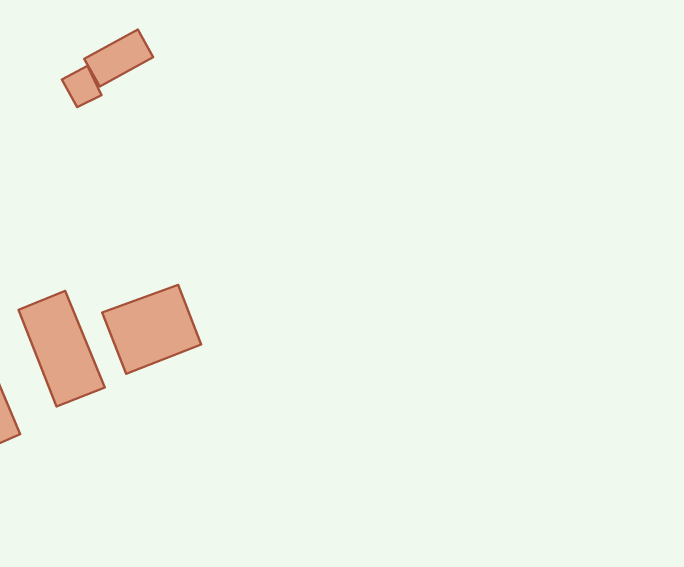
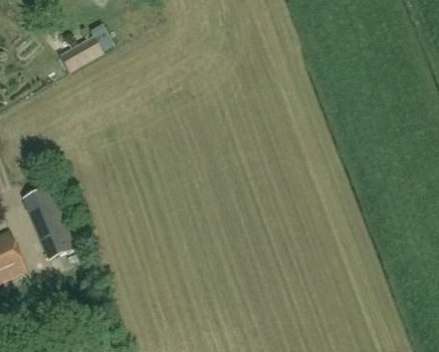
building: [102,285,201,374] -> none

